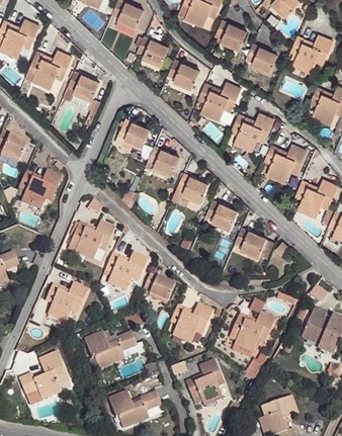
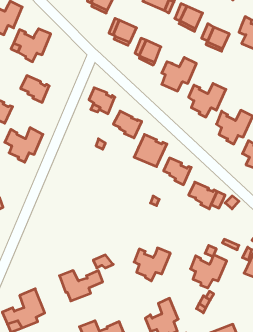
building: [68,71,101,102] -> [21,76,49,102]
building: [72,220,114,258] -> none
building: [105,252,149,290] -> none
building: [144,273,177,304] -> none
building: [42,285,86,325] -> none

